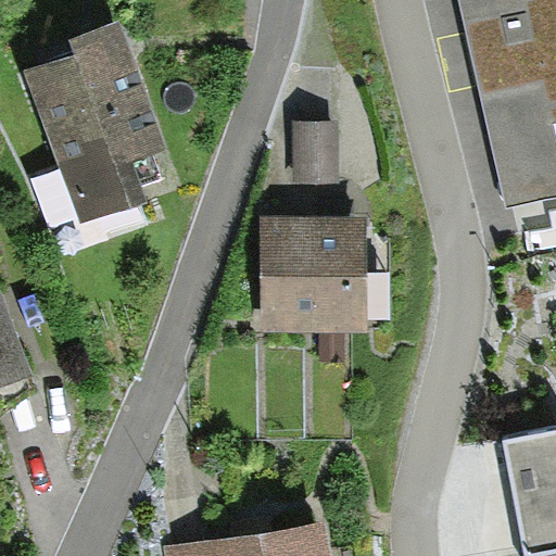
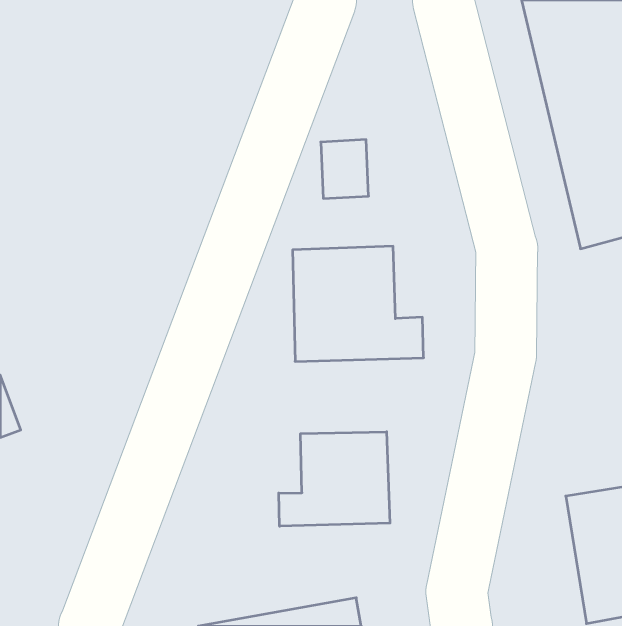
building: [24,36,147,217] -> none
building: none -> [279,432,390,526]

